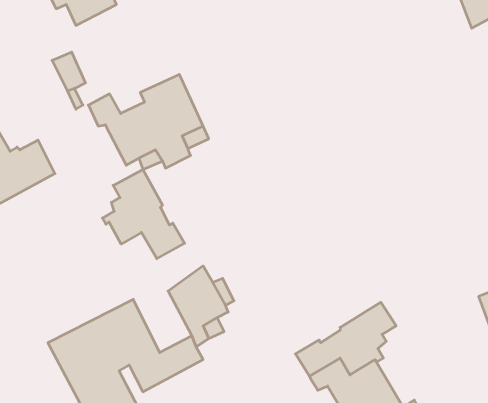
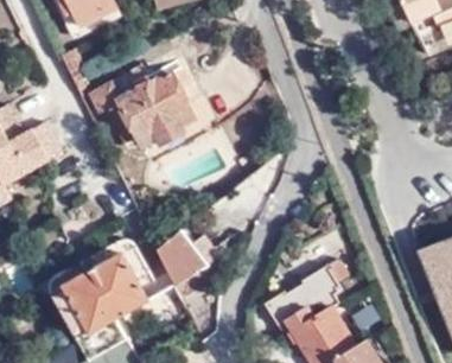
building: [102,169,185,259] -> none

